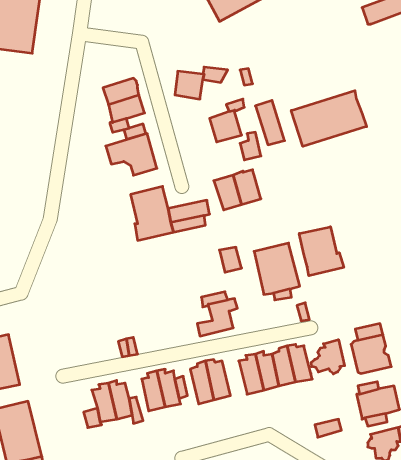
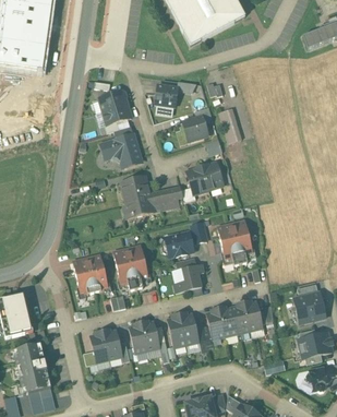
building: [291,91,367,146] -> none
building: [299,227,344,276] -> none
building: none -> [165,231,193,255]
building: none -> [112,245,148,289]
building: none -> [72,253,108,295]
building: [311,340,345,374] -> none

